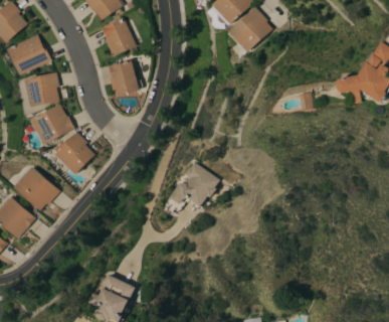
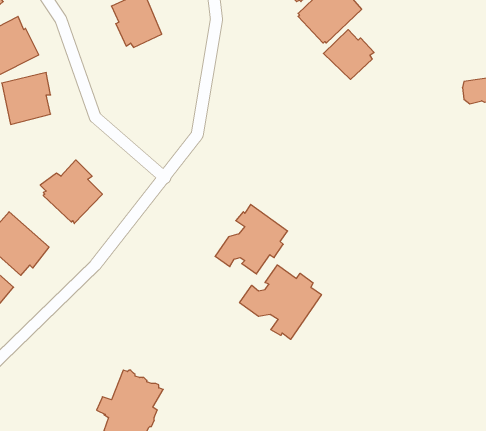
building: none -> [323,30,374,79]
building: [109,60,139,97] -> none
building: [31,104,74,145] -> none
building: none -> [240,265,321,339]

